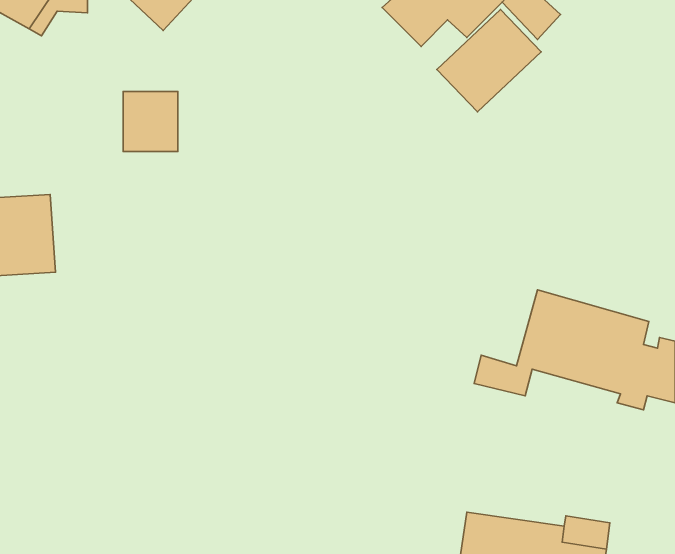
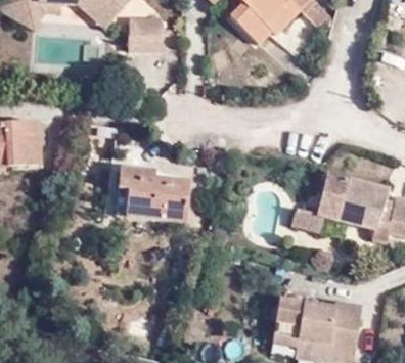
building: [123,91,178,151] -> [131,11,163,46]
building: none -> [117,166,191,221]

